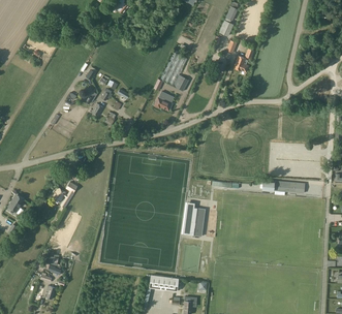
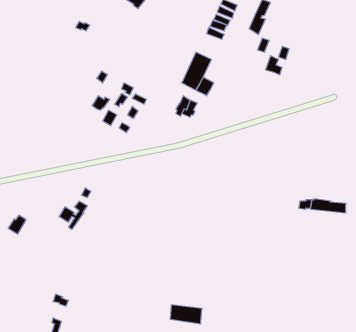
building: [186,207,205,237] -> none

